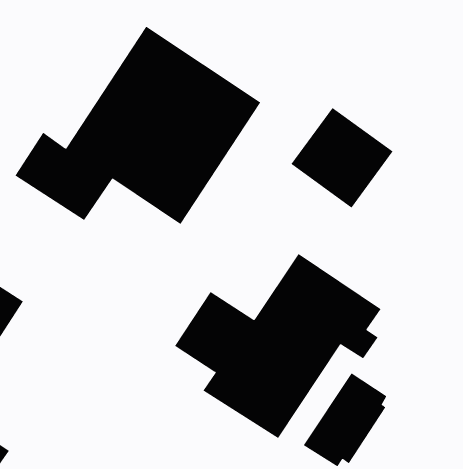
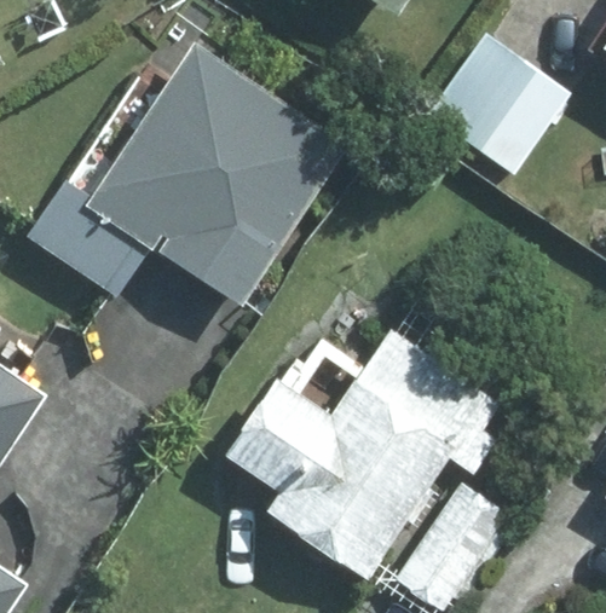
building: [291,107,394,208] -> [432,40,564,169]

